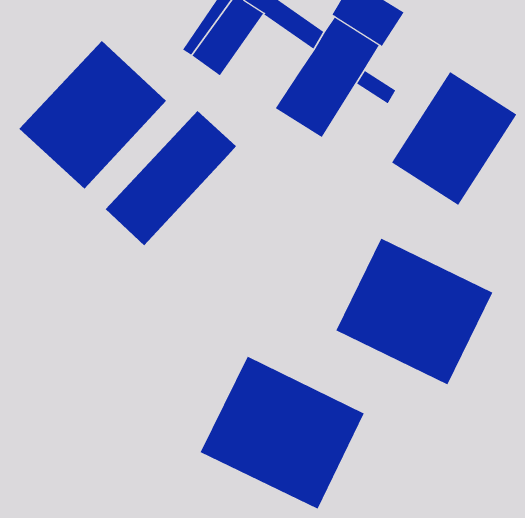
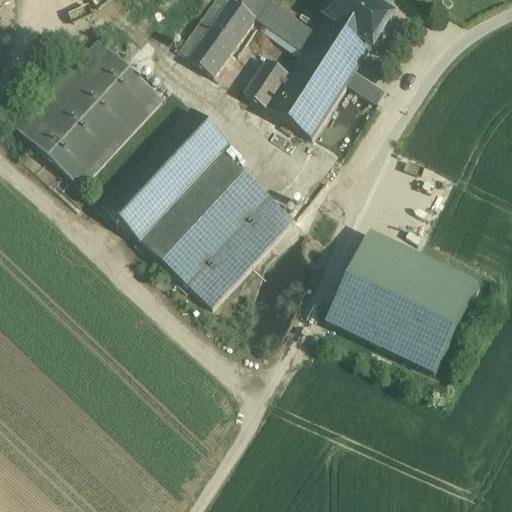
building: none -> [245,55,291,105]
building: [391,71,517,206] -> none
building: none -> [141,151,296,306]
building: [200,356,365,509] -> none

